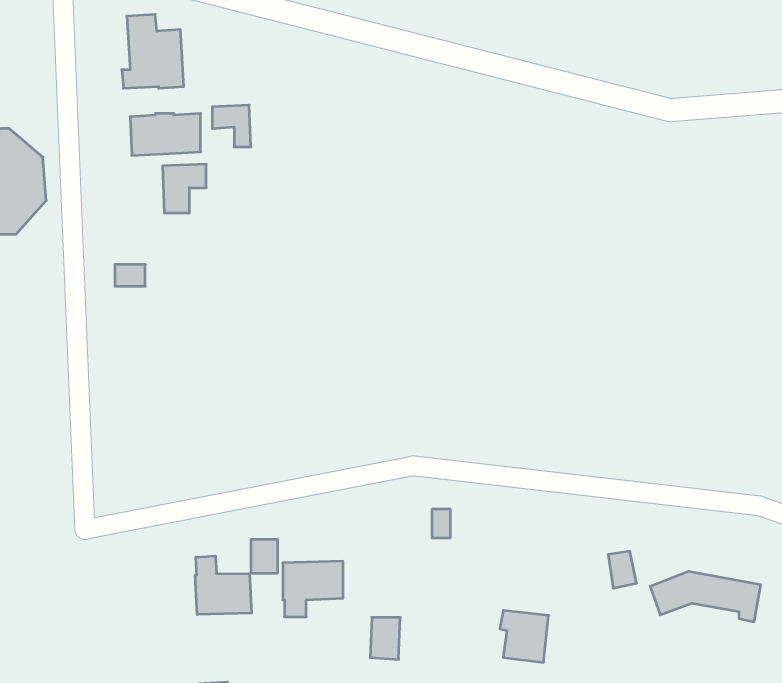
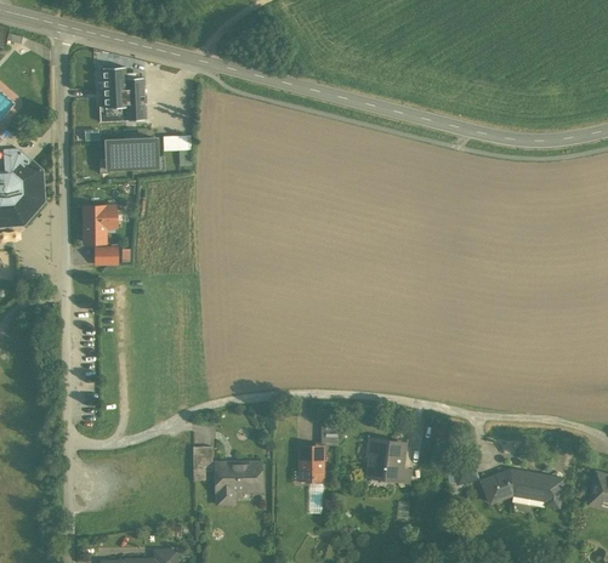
building: [163,164,206,213] -> [84,206,115,241]
building: [195,556,252,615] -> none
building: [500,610,549,662] -> [366,440,402,478]
building: [370,617,400,659] -> [300,448,322,478]

